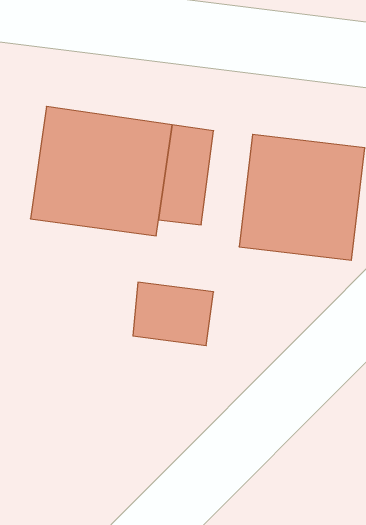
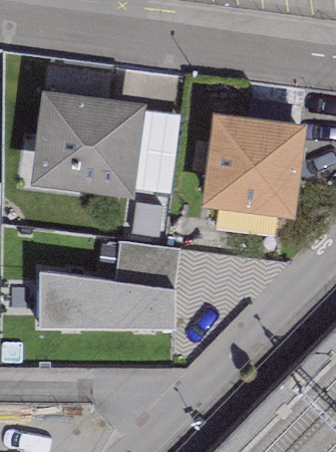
building: none -> [37,272,174,329]

